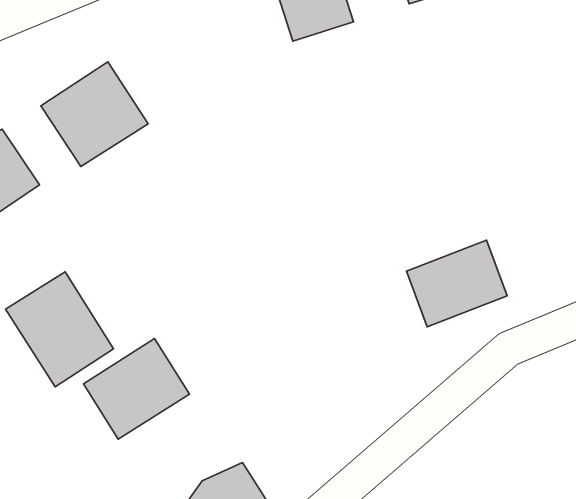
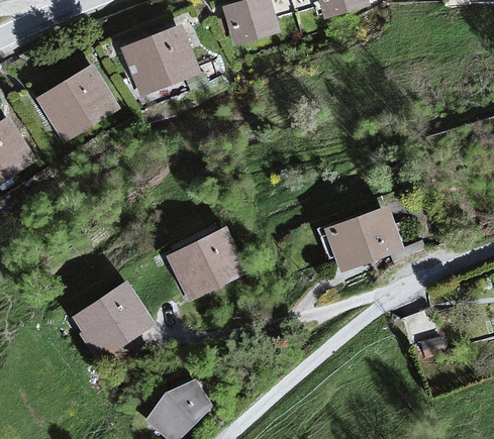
building: none -> [121,25,202,98]
building: none -> [167,225,250,300]
building: [6,272,113,387] -> none

